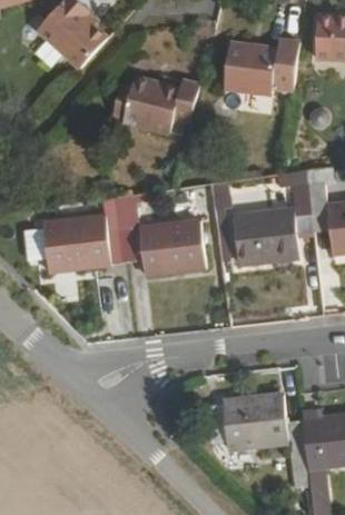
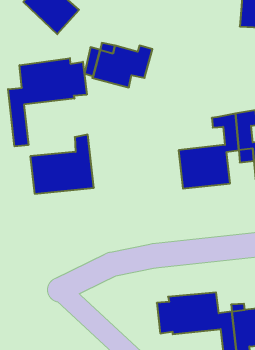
building: [220,38,298,113] -> none
building: none -> [8,58,87,146]
building: [118,192,206,274] -> none

